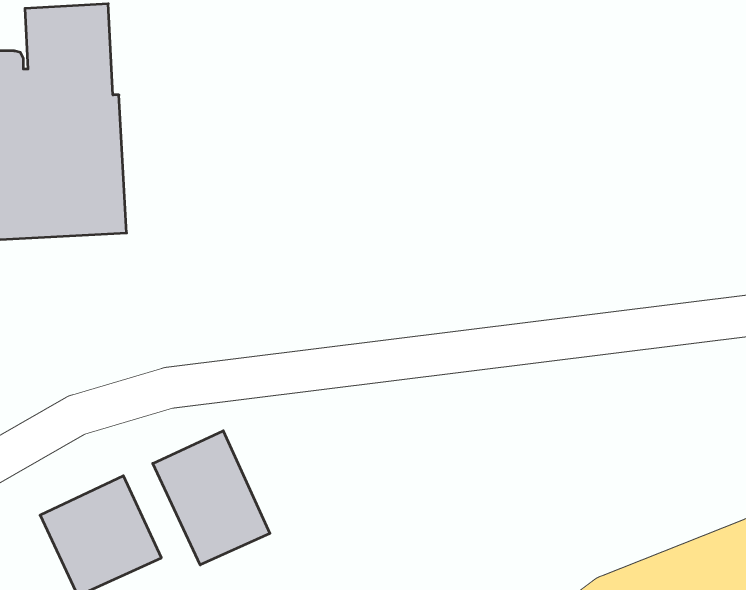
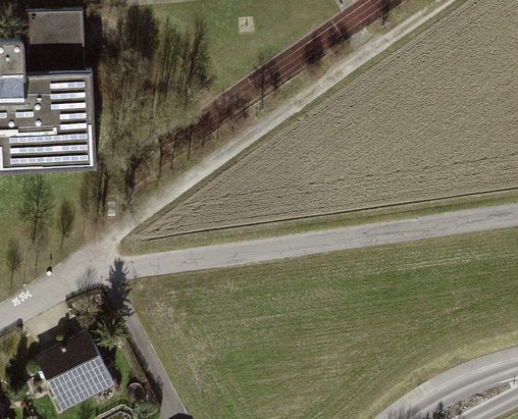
building: [153,431,270,565] -> none

